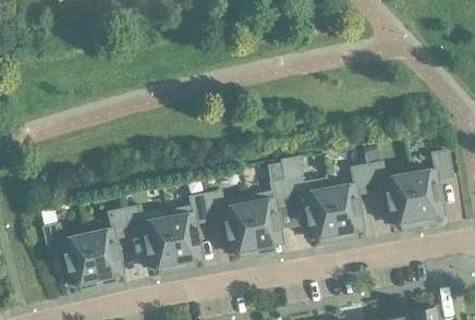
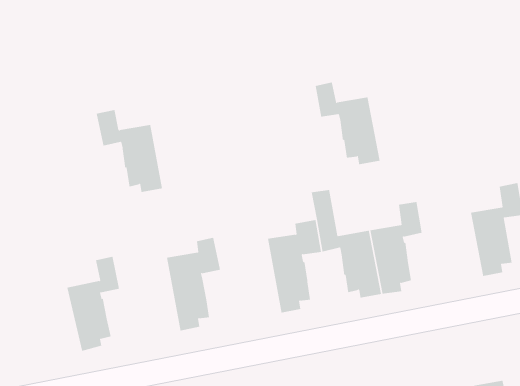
building: [368,161,421,227] -> [315,82,380,165]
building: [206,190,259,257] -> none
building: [125,205,179,271] -> [96,109,163,193]
building: [45,223,100,287] -> none

